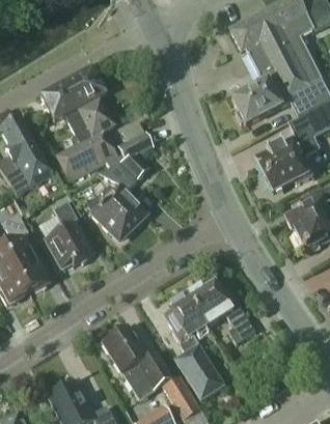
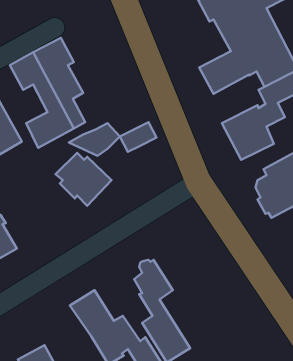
building: [118,131,156,161] -> [120,122,156,152]
building: [46,201,91,267] -> none
building: [186,276,253,343] -> none

